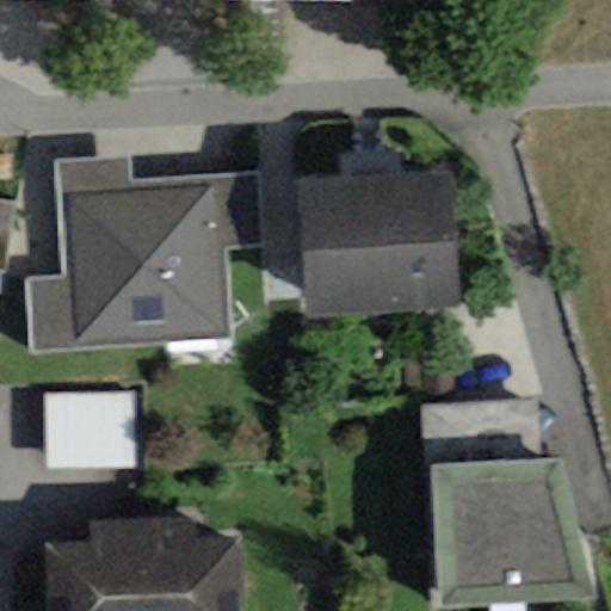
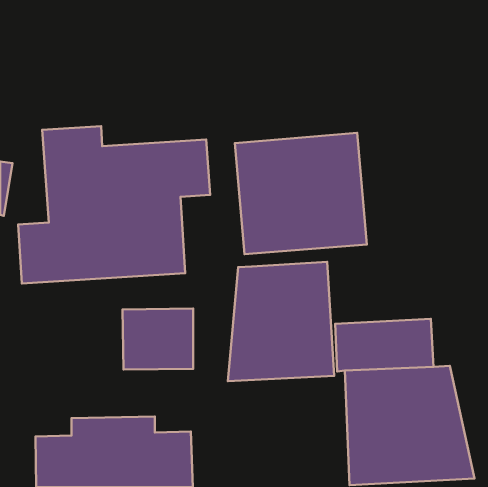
building: none -> [228,262,334,381]
building: [45,393,134,469] -> [123,309,193,370]

